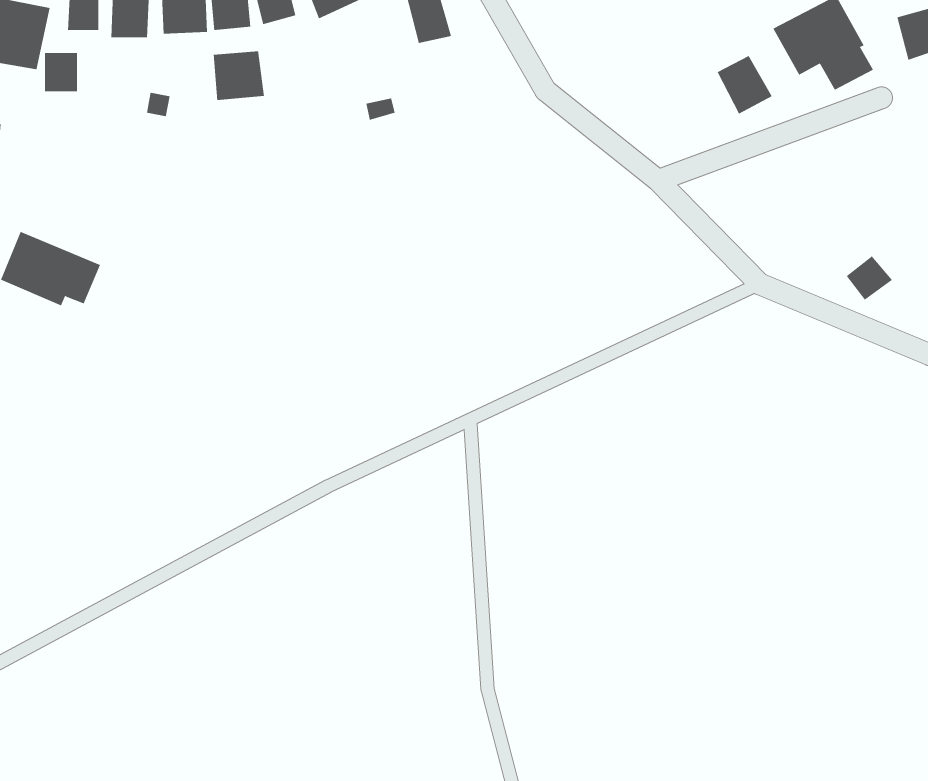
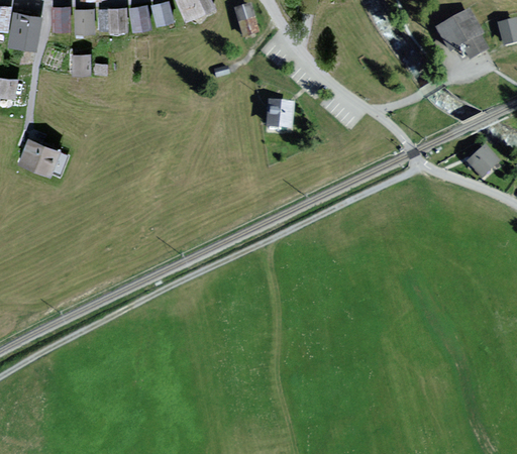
building: [213,50,265,101] -> none
building: [44,53,78,92] -> [72,52,90,74]
building: [717,55,773,114] -> none
building: none -> [267,99,296,129]

